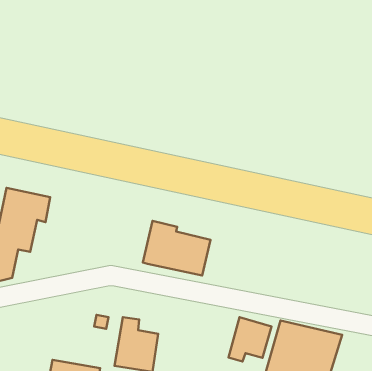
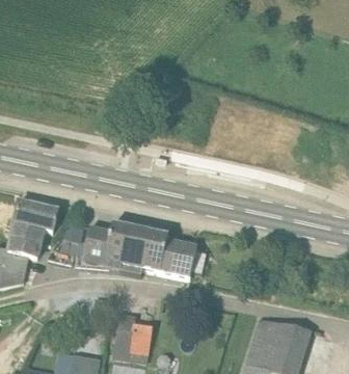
building: none -> [50,222,146,274]
building: [228,317,272,362] -> none

